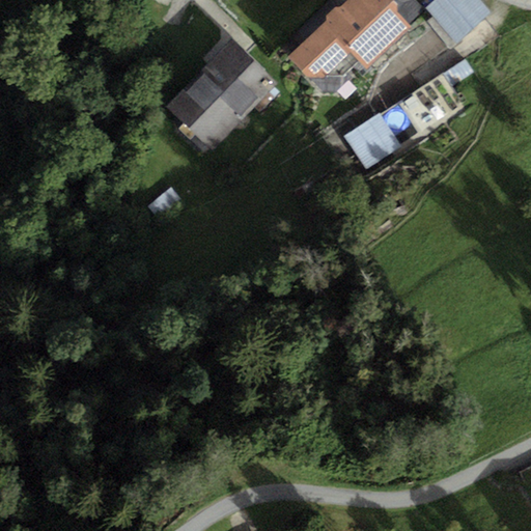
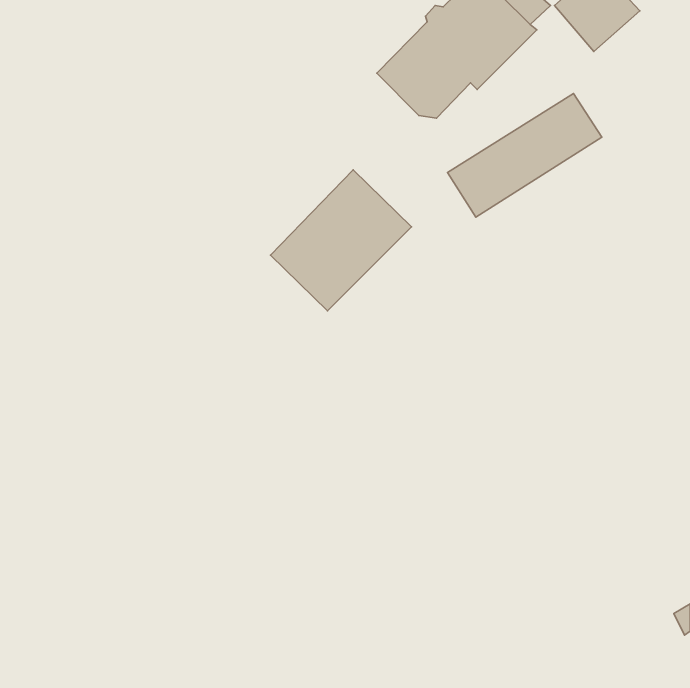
building: [166,40,274,148] -> [271,170,412,311]

